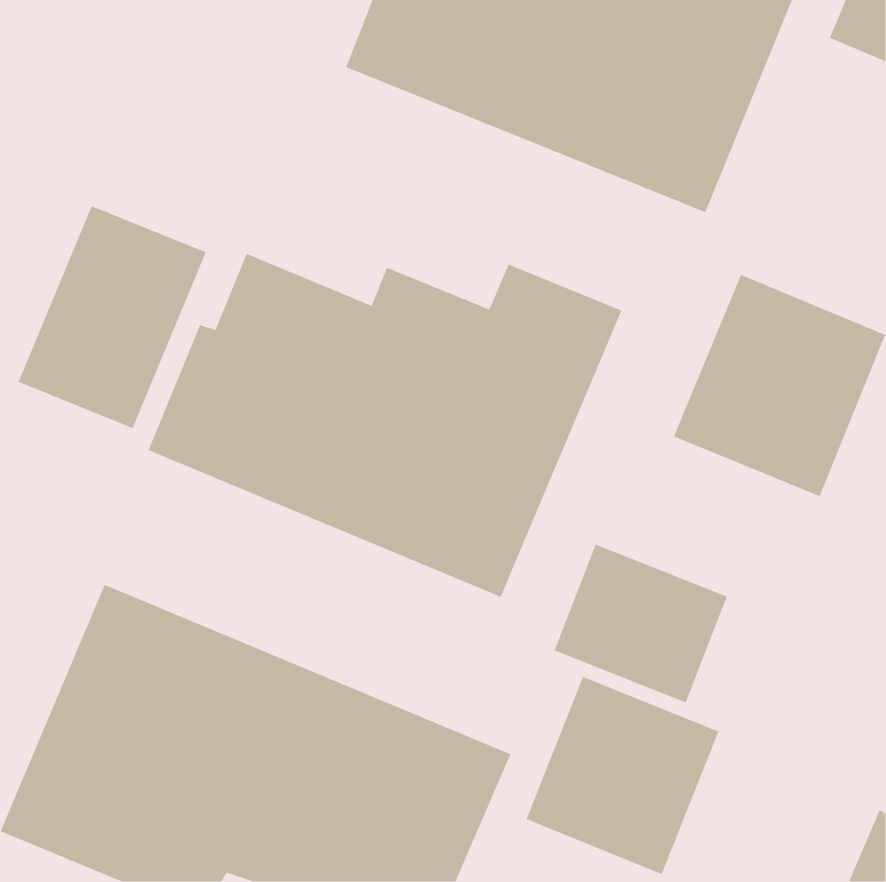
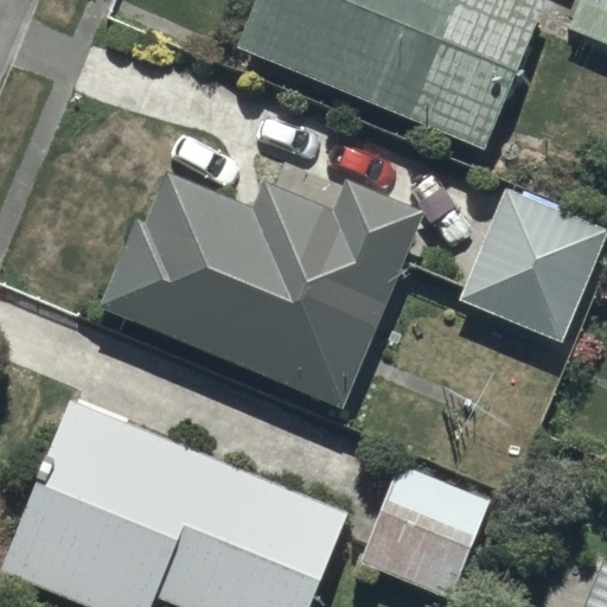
building: [17,205,207,429] -> none
building: [553,544,728,704] -> none

